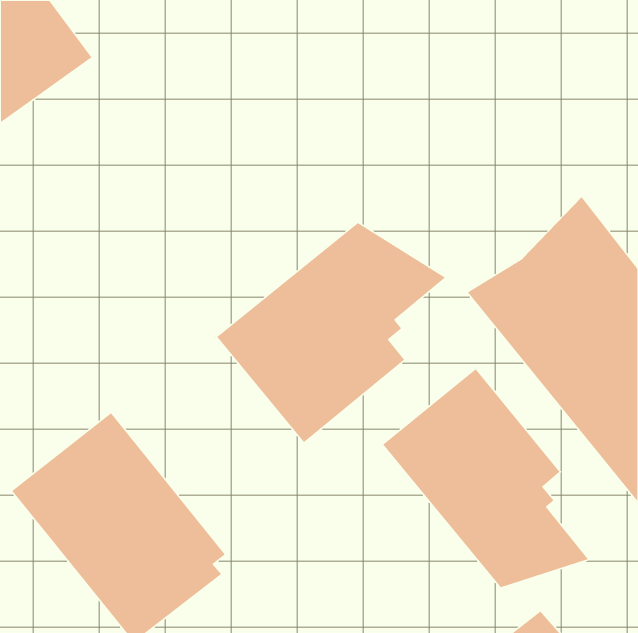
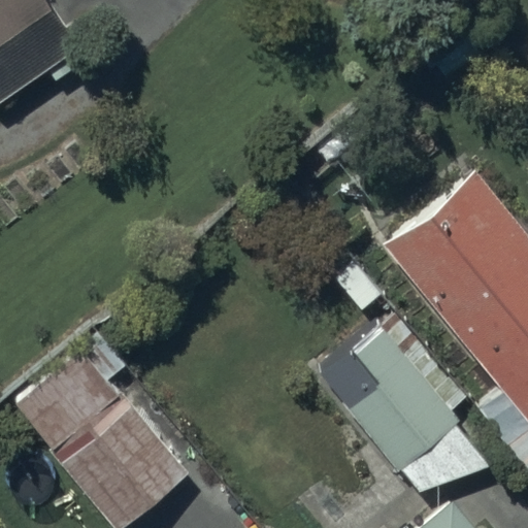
building: [216,222,446,443] -> none

